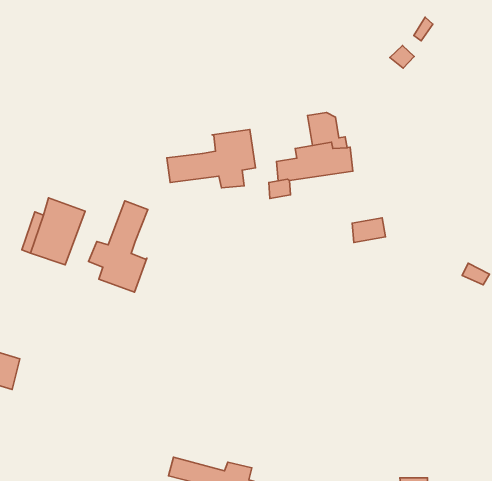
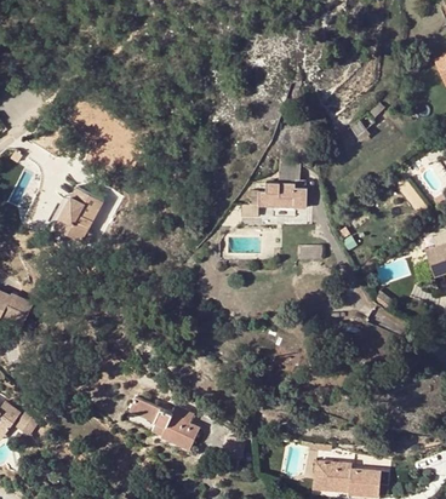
building: [167,129,255,188] -> none
building: [88,201,148,292] -> none

